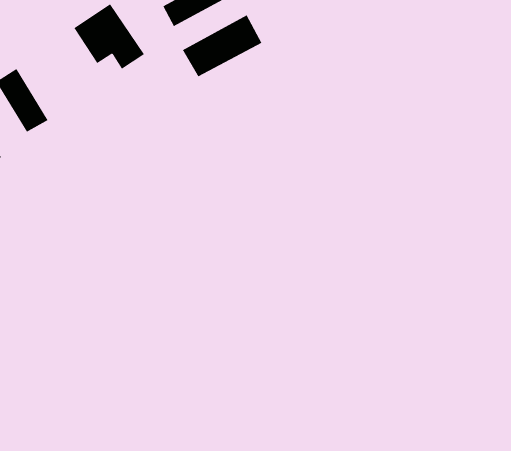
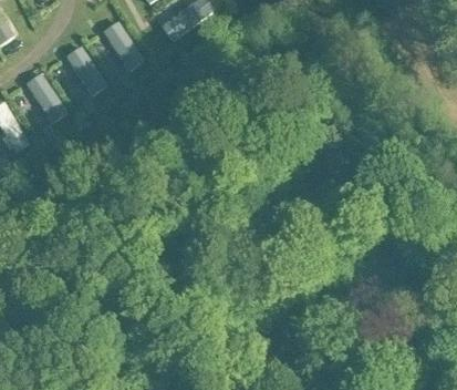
building: [182,14,262,77] -> none
building: none -> [64,45,106,95]

